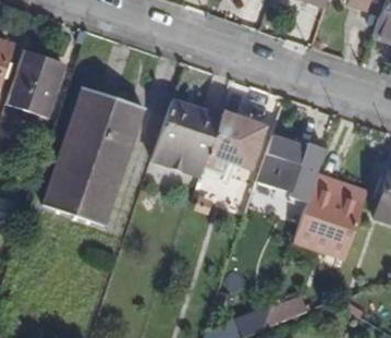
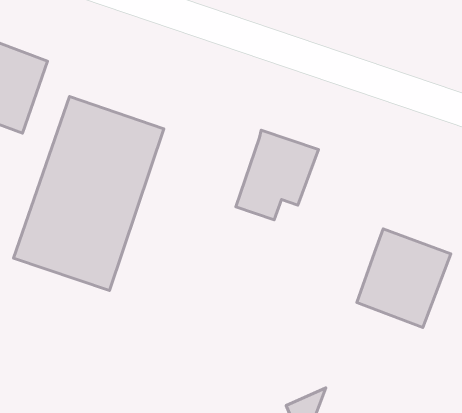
building: [150,98,221,176] -> none
building: [257,133,326,201] -> none

